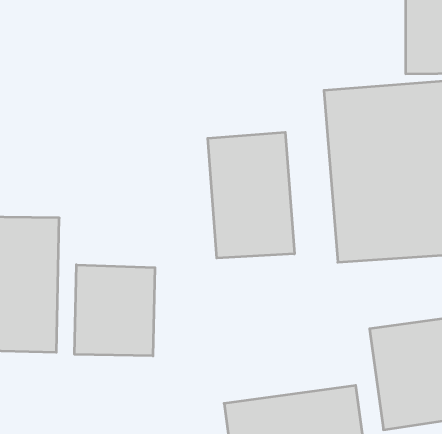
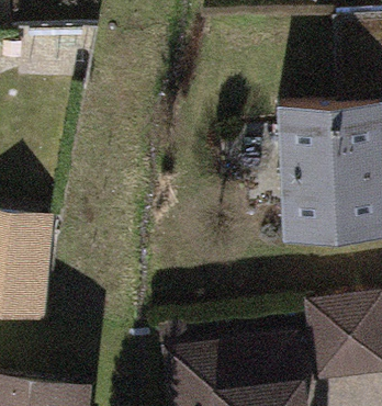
building: [208,132,294,258] -> none
building: [75,265,155,356] -> none

